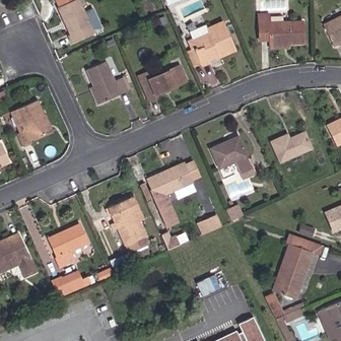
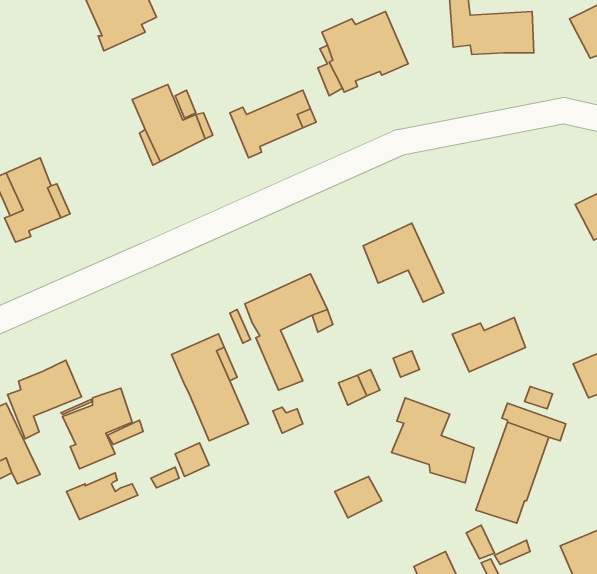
building: [271,132,311,161] -> [452,317,526,372]
building: none -> [8,360,82,439]
building: none -> [392,398,474,483]

